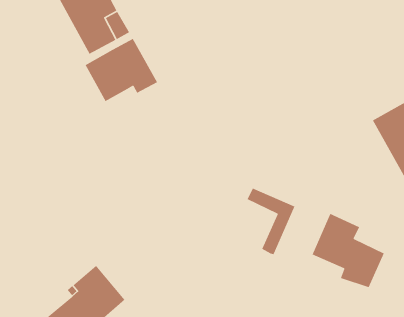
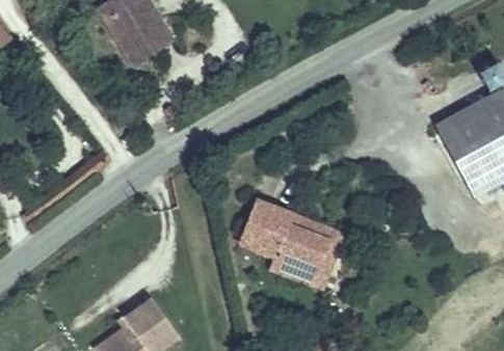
building: [85,38,158,102] -> none
building: [311,213,385,288] -> [251,194,329,274]

